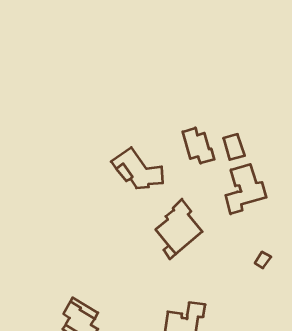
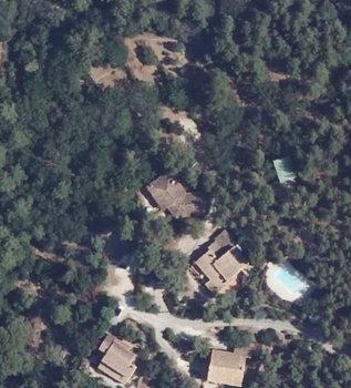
building: [183,128,214,163] -> none
building: [226,164,266,214] -> none

